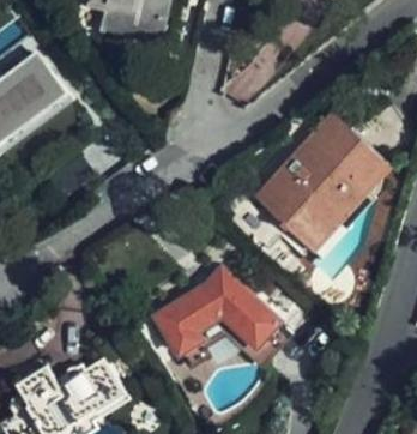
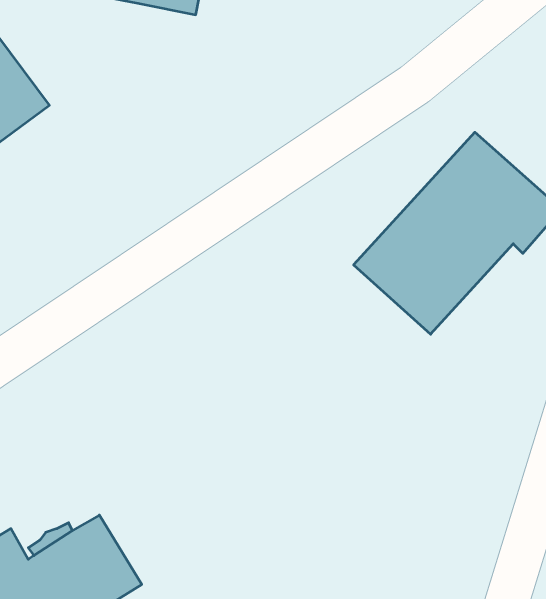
building: [153,265,286,362] -> none

